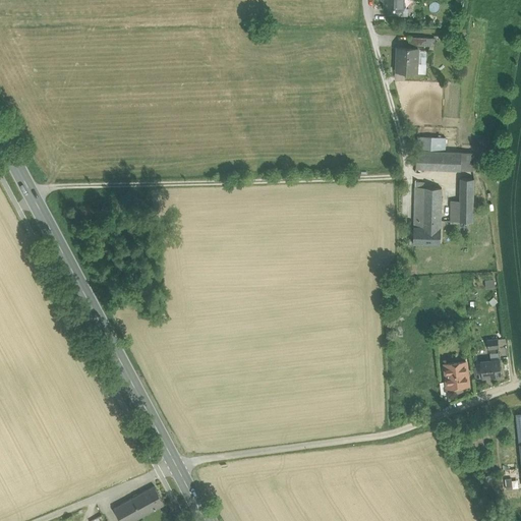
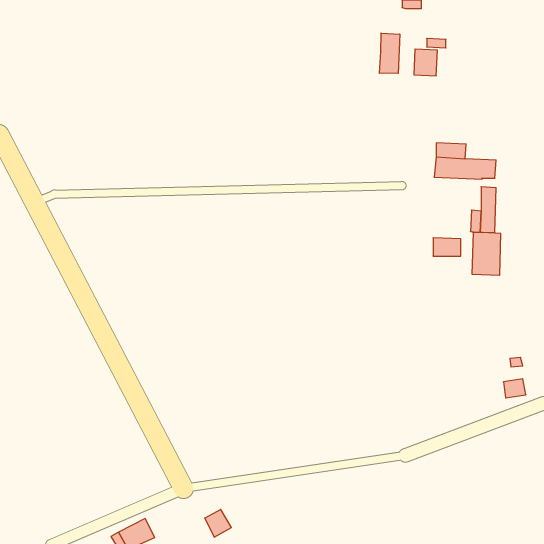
building: none -> [379,33,400,73]
building: [413,188,441,229] -> [472,233,501,275]
building: [444,362,467,388] -> none
building: [138,487,164,514] -> [205,509,231,537]

